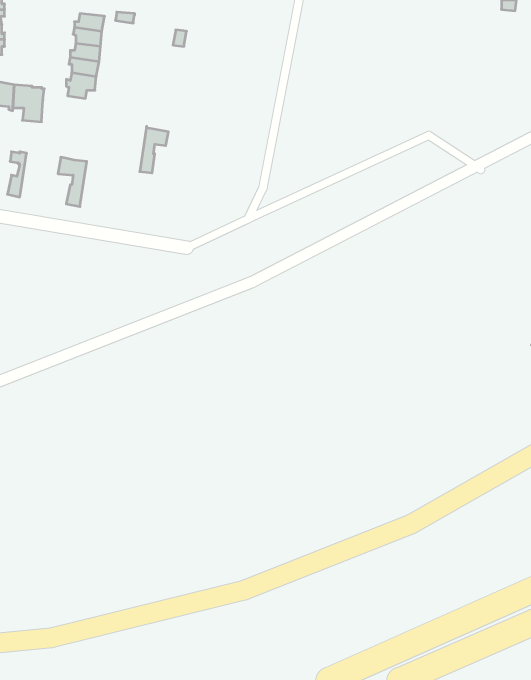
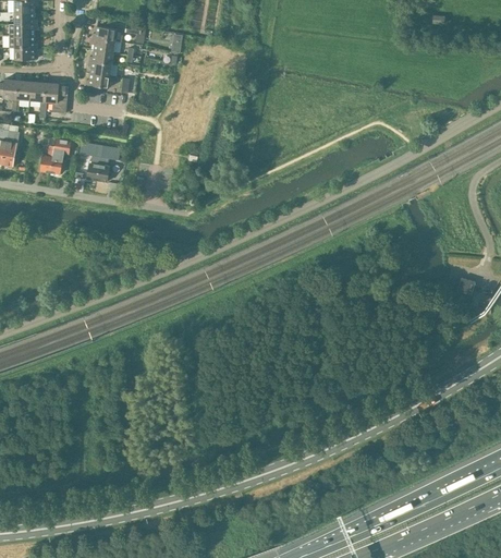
building: [140,126,168,173] -> [96,144,119,181]
building: none -> [48,136,71,173]

